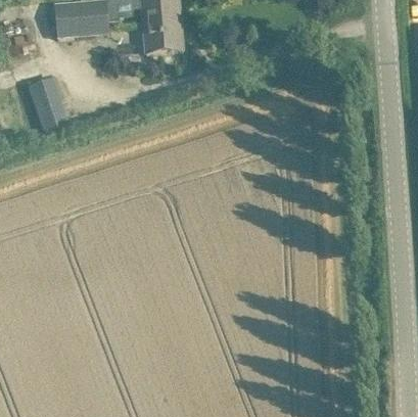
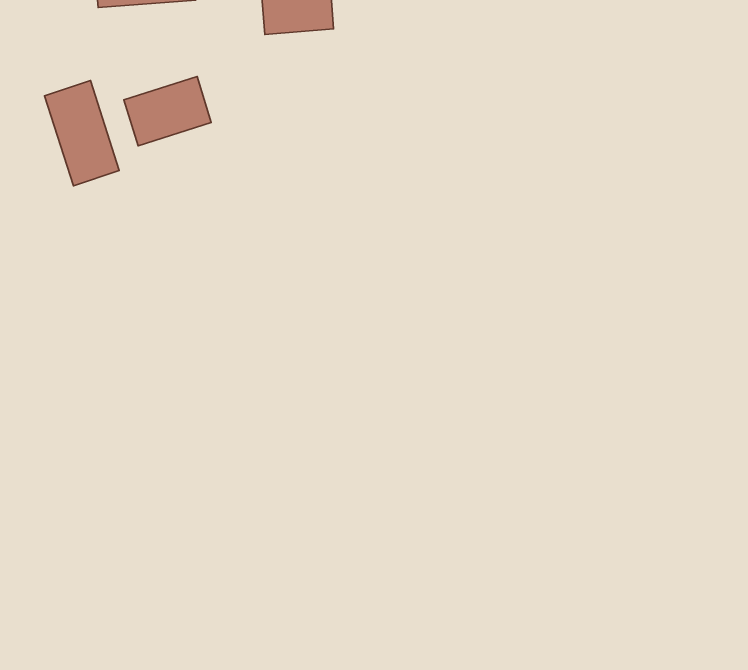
building: none -> [124,77,211,146]

